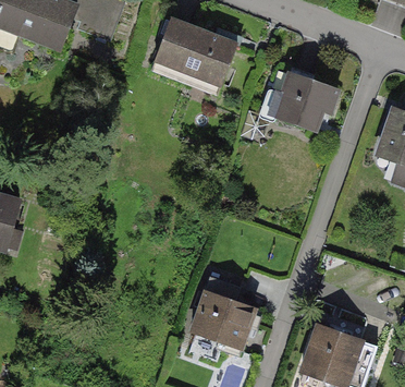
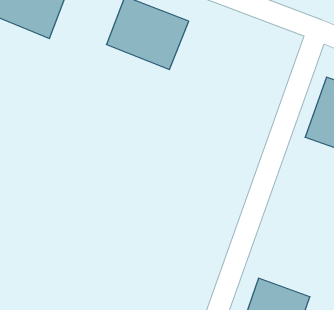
building: [257,76,330,137] -> none
building: [192,279,256,360] -> none

